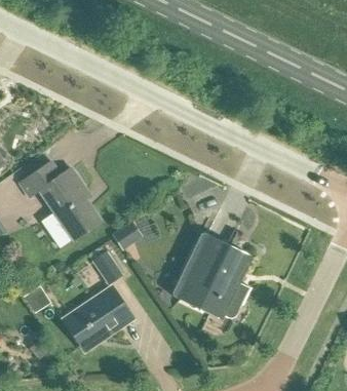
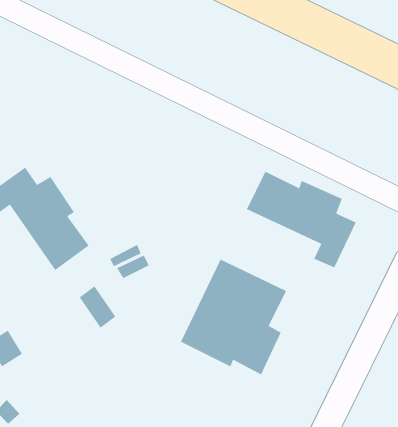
building: none -> [246,171,357,268]
building: [63,287,133,352] -> none

